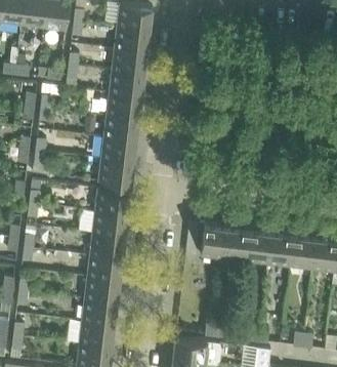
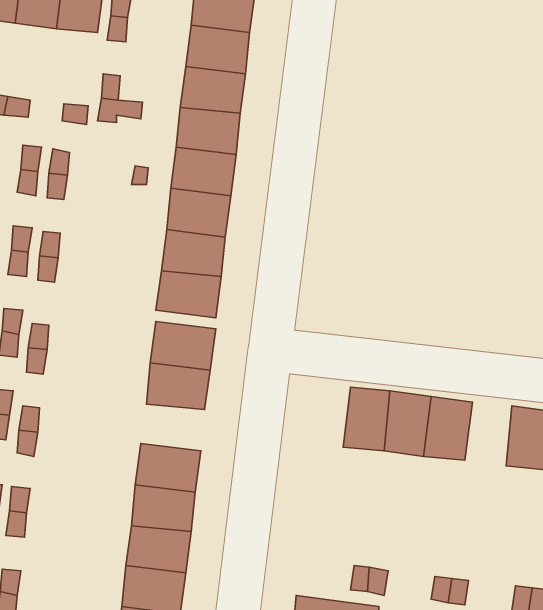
building: [267,232,293,267] -> none
building: [90,233,125,258] -> none

